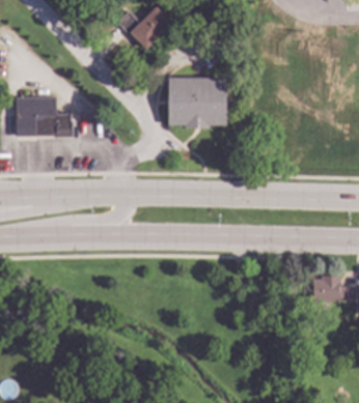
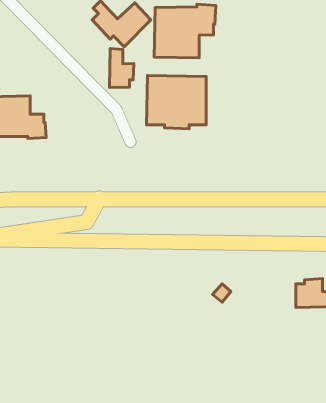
building: none -> [154,4,216,58]
building: none -> [110,49,134,87]

